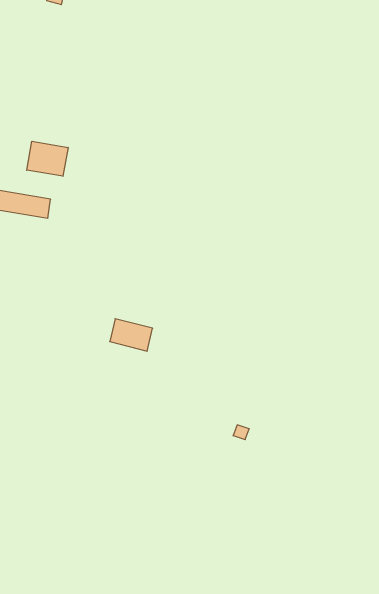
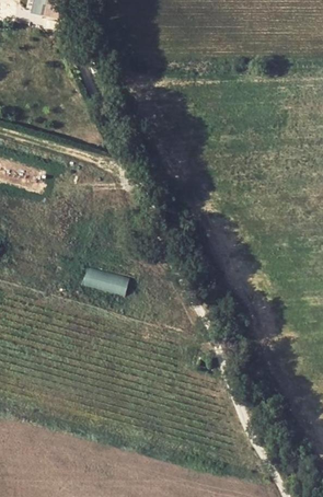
building: [27,141,68,176] -> none

